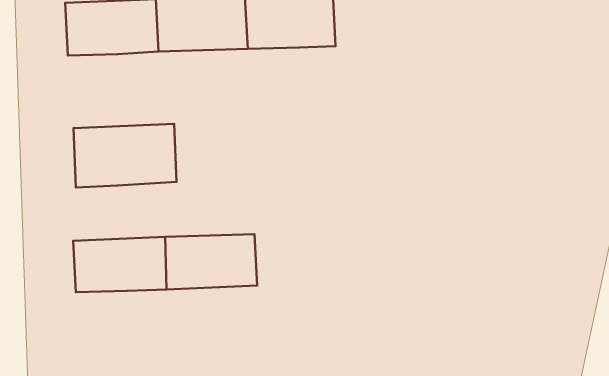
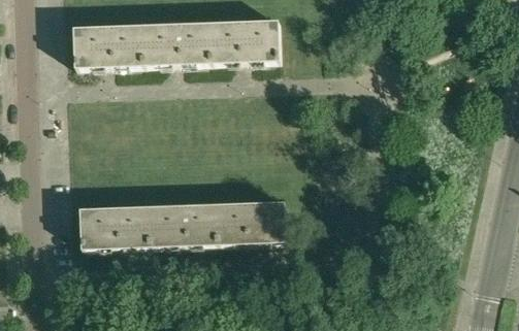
building: [73,124,176,188] -> none
building: none -> [218,201,286,243]

